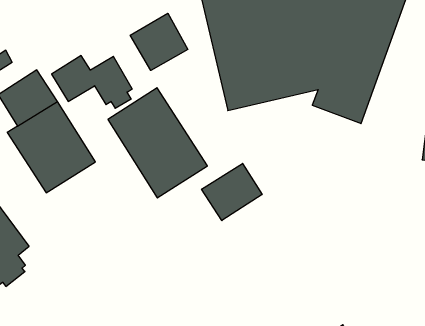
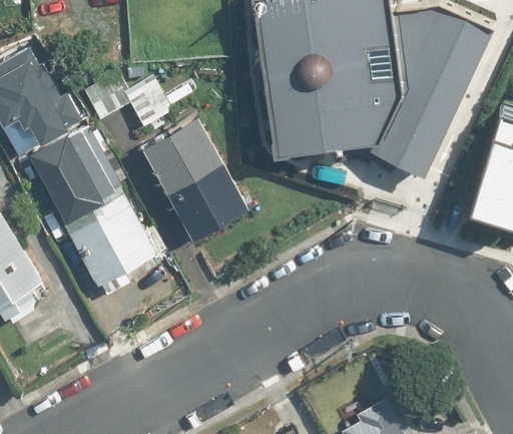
building: [130,13,188,70] -> none
building: none -> [64,194,156,294]
building: [202,163,262,221] -> none

